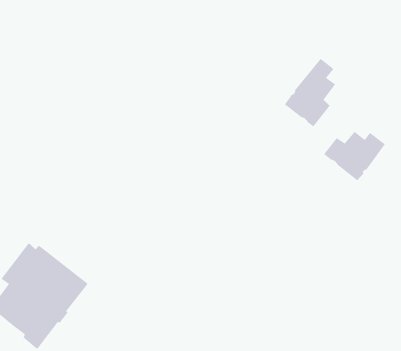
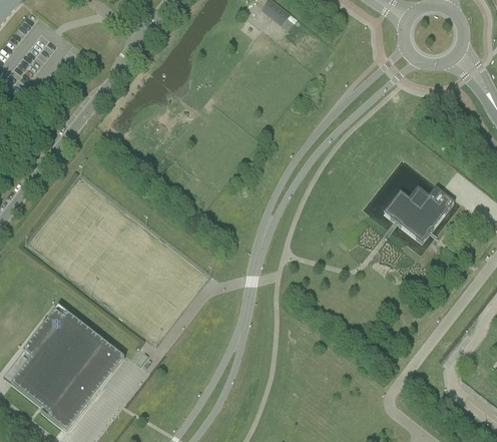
building: [284,58,336,128] -> none

